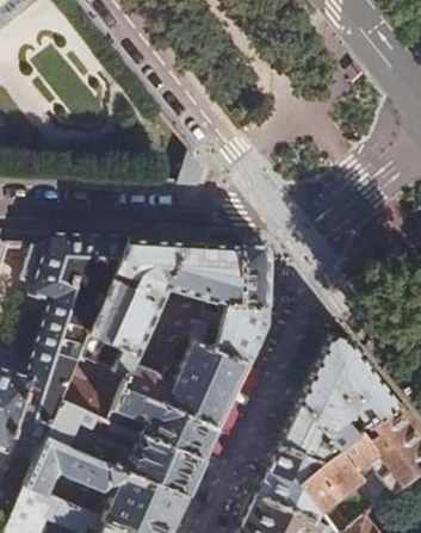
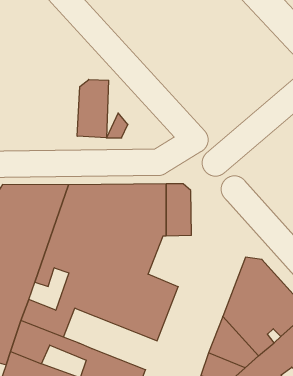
building: none -> [77,79,109,138]
building: [213,308,267,368] -> none
building: [110,386,219,464] -> none

